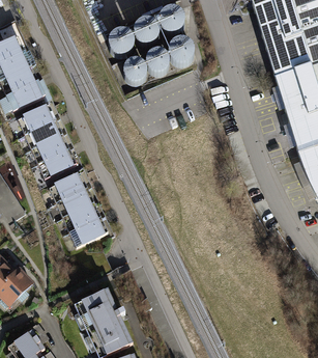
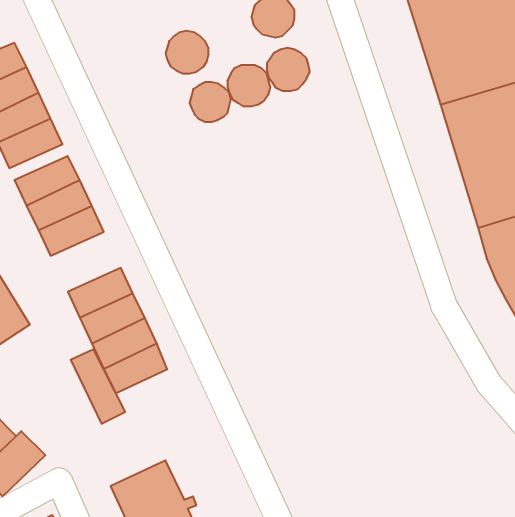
building: [132,19,157,44] -> none
building: [37,149,77,180] -> none
building: none -> [71,349,125,424]

